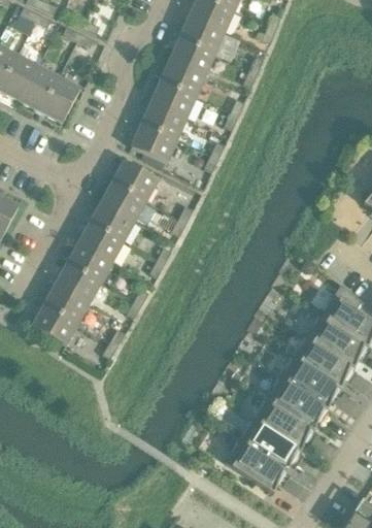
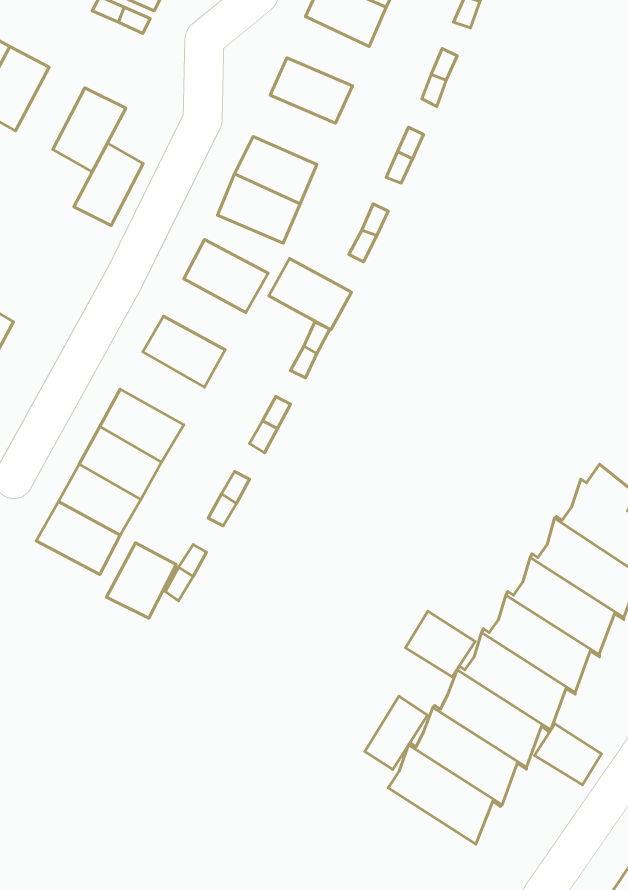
building: [169,38,214,76] -> none
building: [20,66,58,111] -> [74,143,143,225]
building: [150,81,196,120] -> none
building: [101,183,146,222] -> [269,259,351,330]
building: [77,223,124,263] -> none
building: none -> [107,543,176,618]
building: none -> [406,611,475,677]
building: none -> [365,696,428,769]
building: none -> [534,724,602,785]

